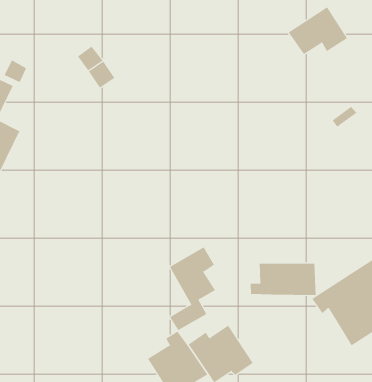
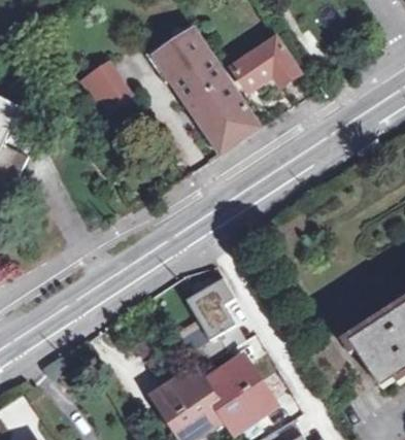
building: [288,6,348,55] -> [230,40,294,92]
building: none -> [153,32,256,154]
building: [250,263,316,296] -> none

